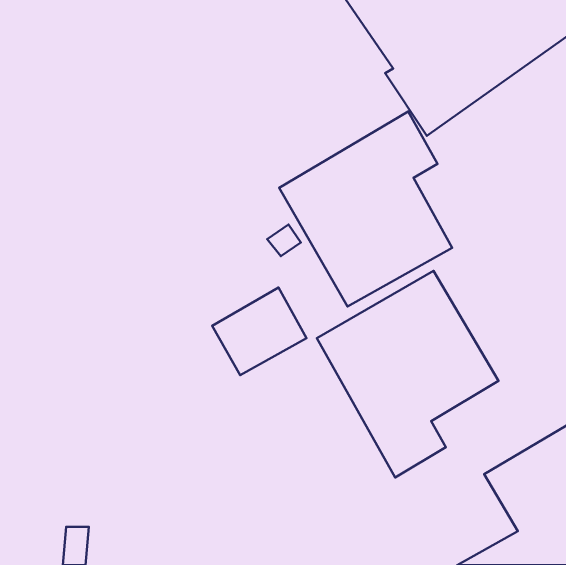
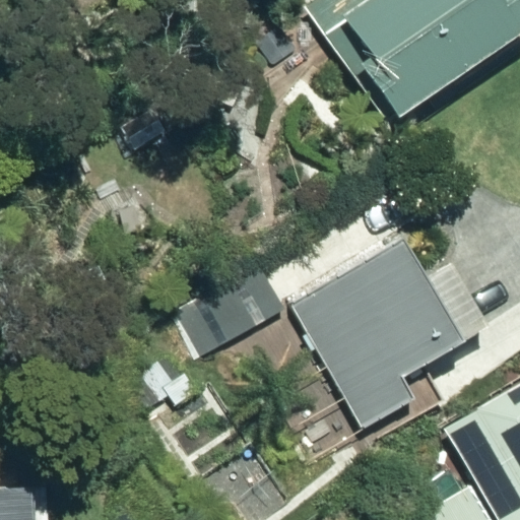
building: [279,111,452,307] -> none

